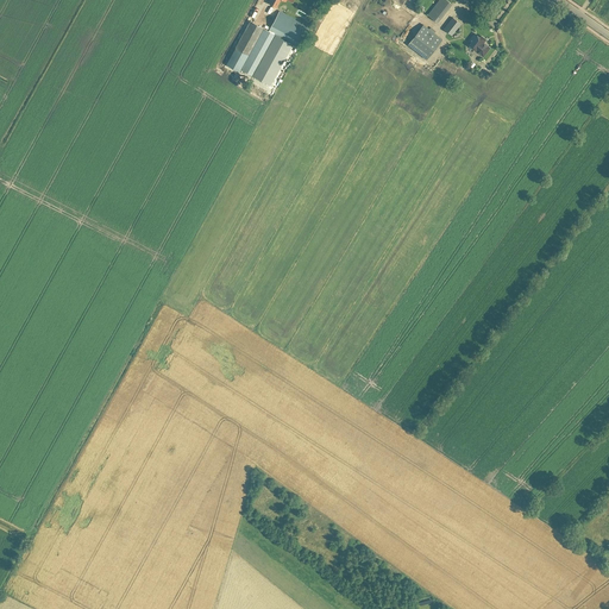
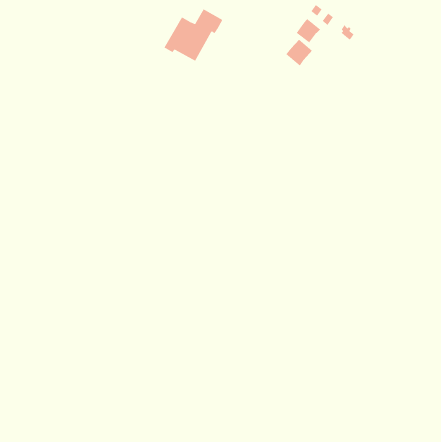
building: none -> [286,39,313,66]

